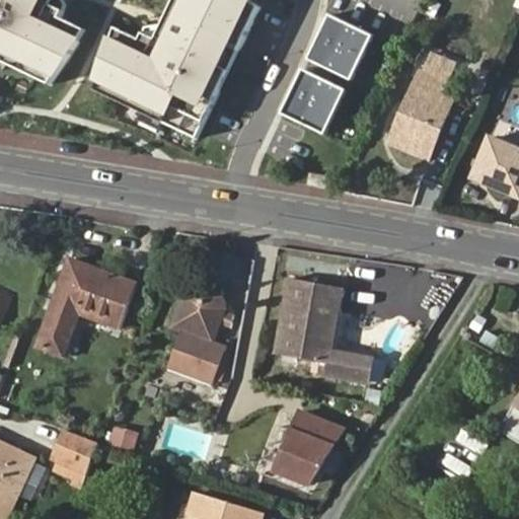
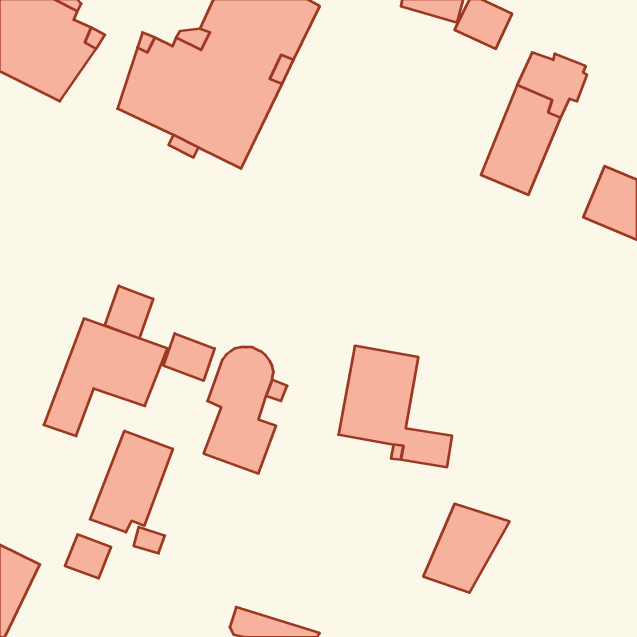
building: [310,13,373,73] -> none
building: [286,63,351,128] -> none
building: none -> [105,286,153,338]
building: none -> [164,333,215,381]
building: none -> [90,431,173,532]
building: [274,415,344,487] -> [423,504,509,593]

